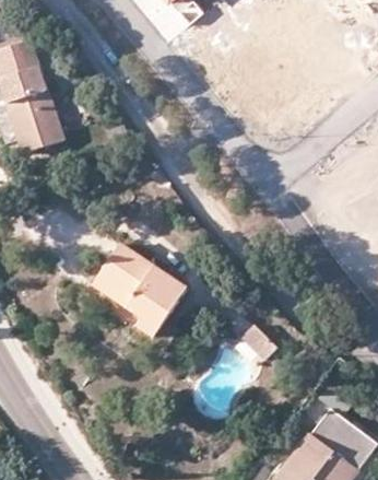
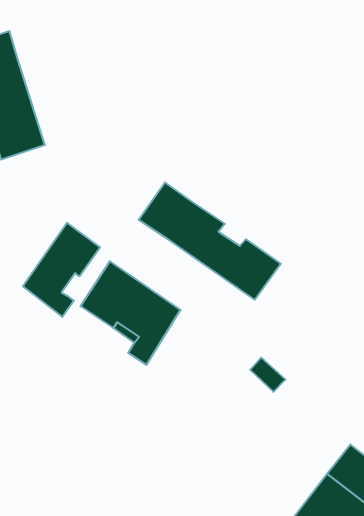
building: none -> [139,182,281,300]
building: none -> [23,223,100,317]

